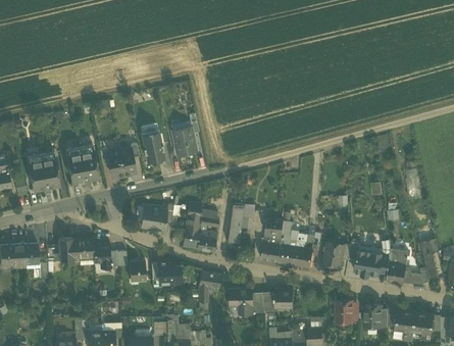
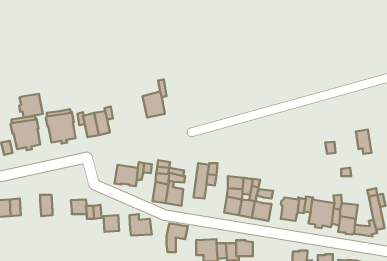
building: none -> [19,94,43,118]
building: [141,130,164,161] -> none
building: [71,238,94,256] -> none

